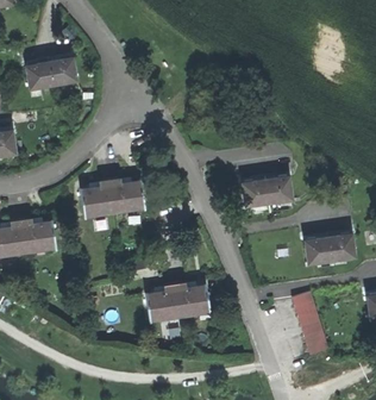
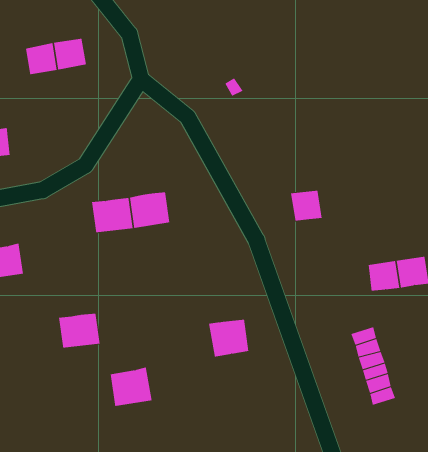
building: [264,177,292,204] -> none
building: [21,220,56,249] -> [58,313,101,348]
building: [145,289,180,321] -> [110,367,152,406]

